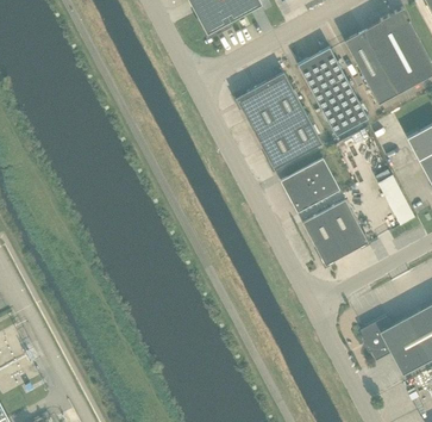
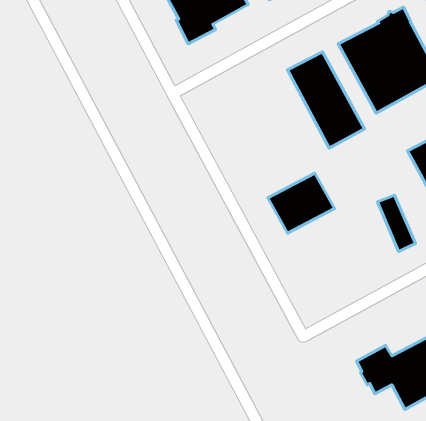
building: [236,72,323,169] -> none
building: [302,200,368,266] -> none

